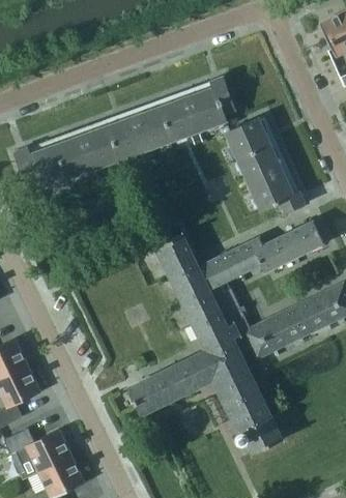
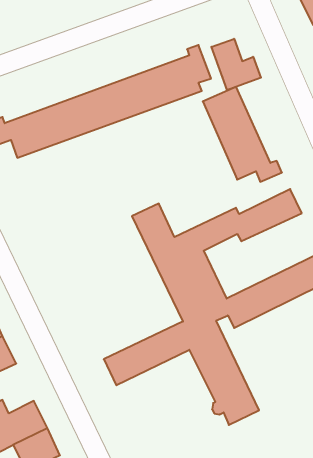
building: none -> [211,39,261,90]

